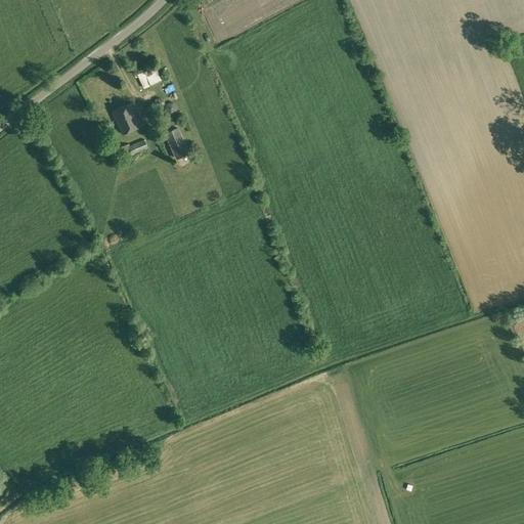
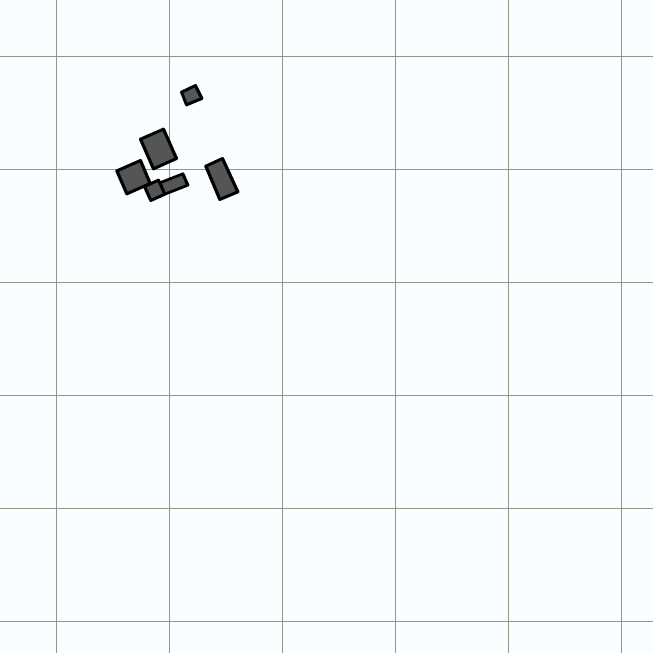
building: none -> [117,160,150,194]

